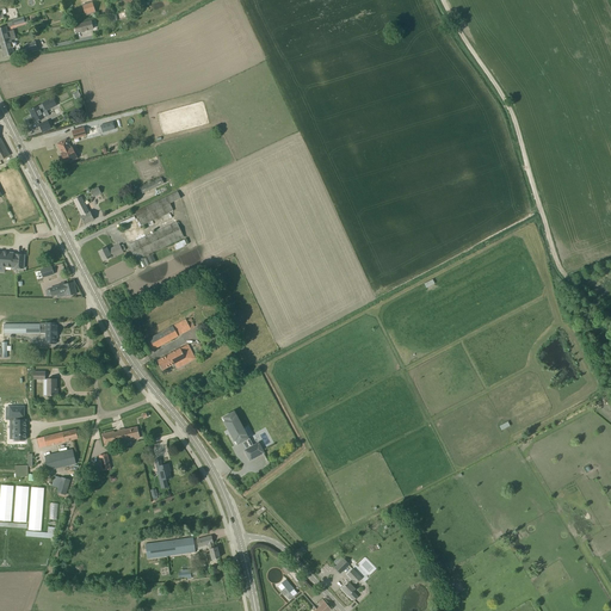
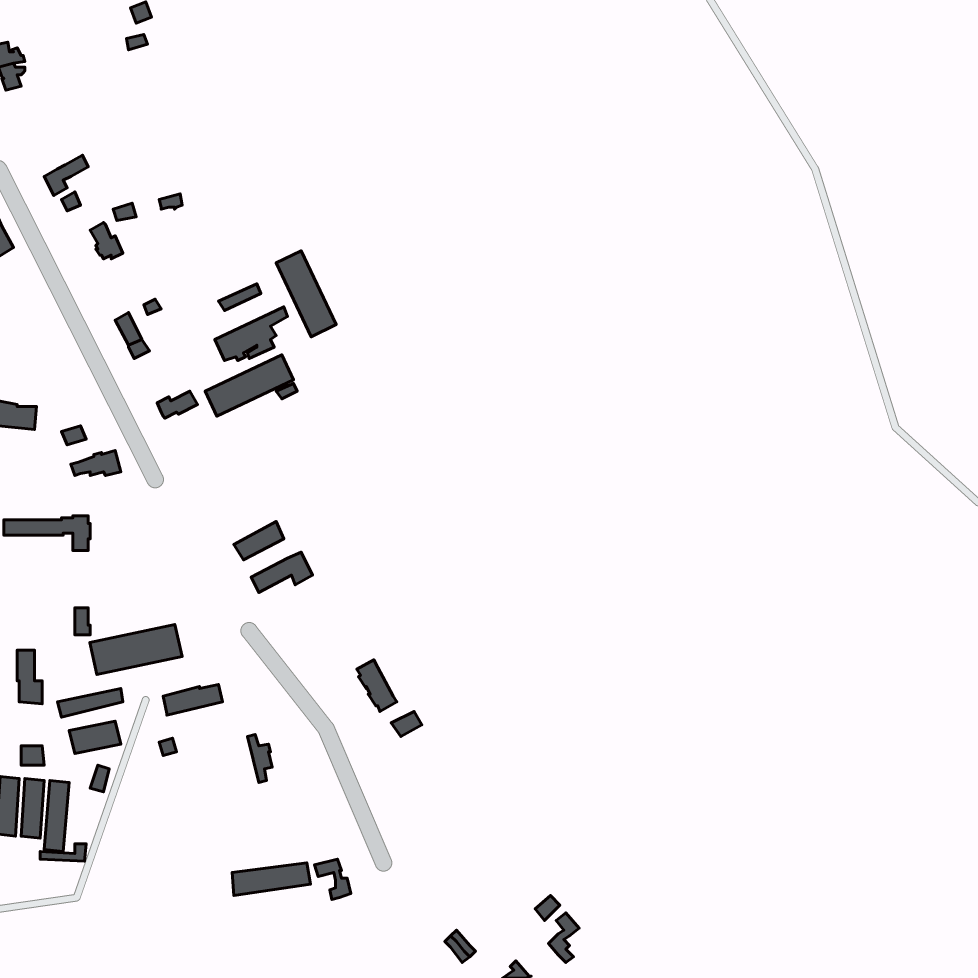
building: none -> [276,251,336,337]
building: none -> [90,624,182,675]

